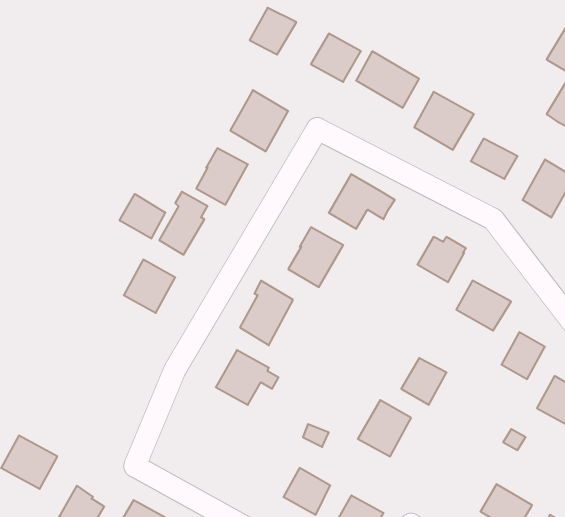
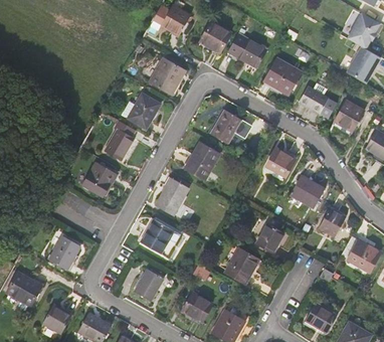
building: [120,194,165,239] -> none
building: none -> [48,234,79,269]
building: none -> [134,268,163,300]

